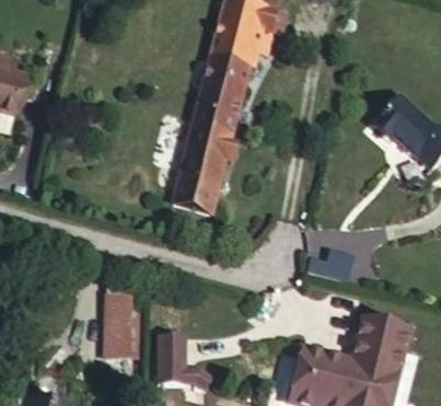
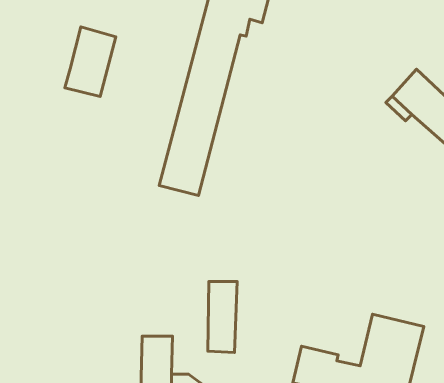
building: none -> [65,27,116,96]
building: [108,295,135,359] -> [208,281,237,352]

